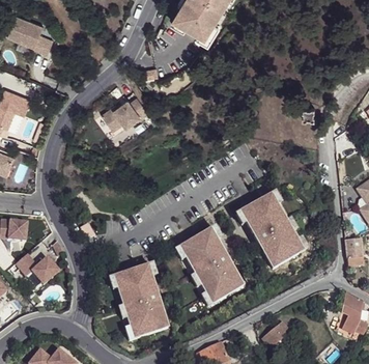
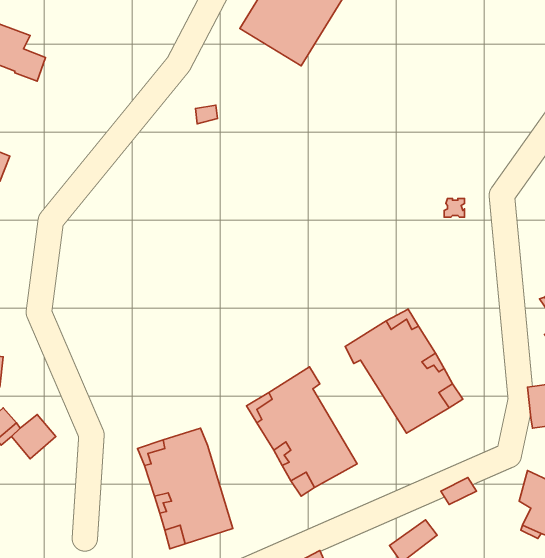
building: [102,97,148,129] -> none

